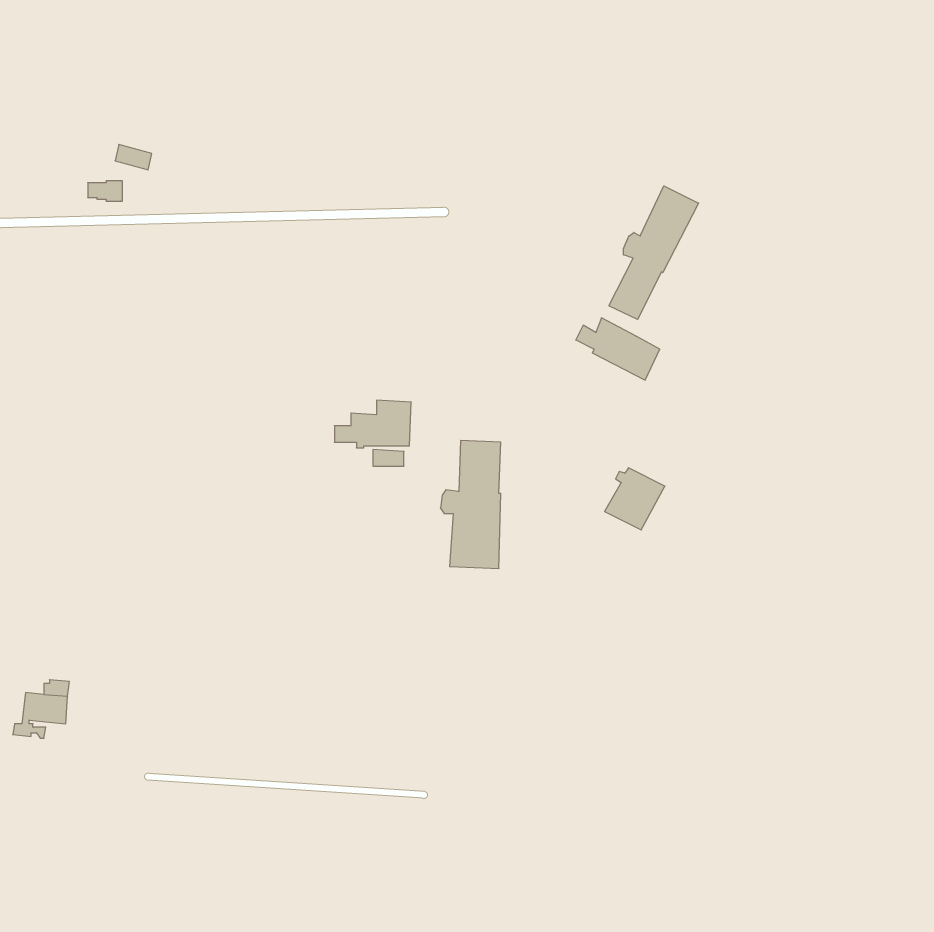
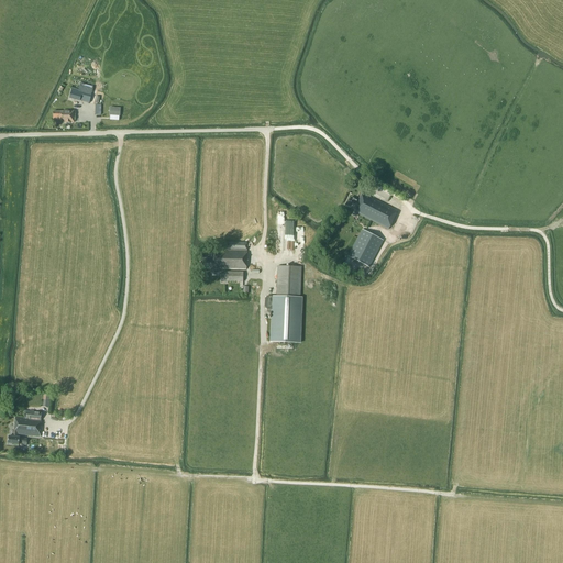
building: [609,186,699,319] -> none
building: [605,468,665,530] -> [347,229,384,266]

